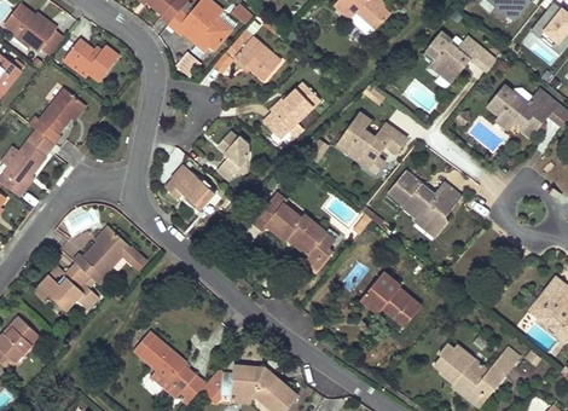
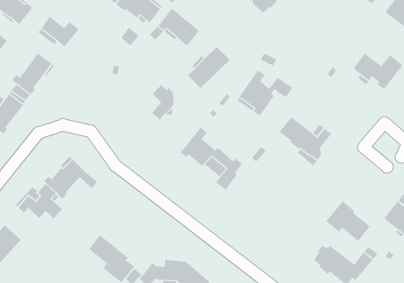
building: [421,29,495,82] -> none
building: [166,162,215,208] -> none
building: [361,271,422,326] -> [325,201,370,242]

